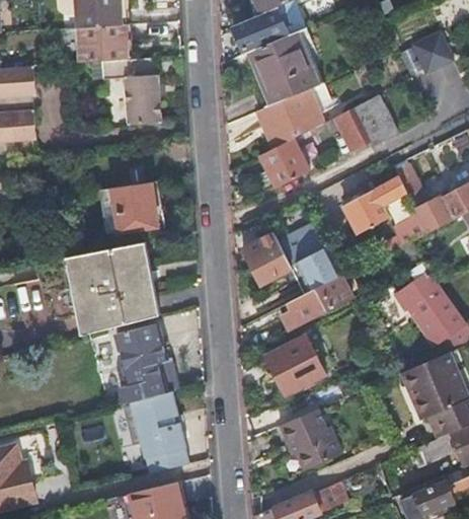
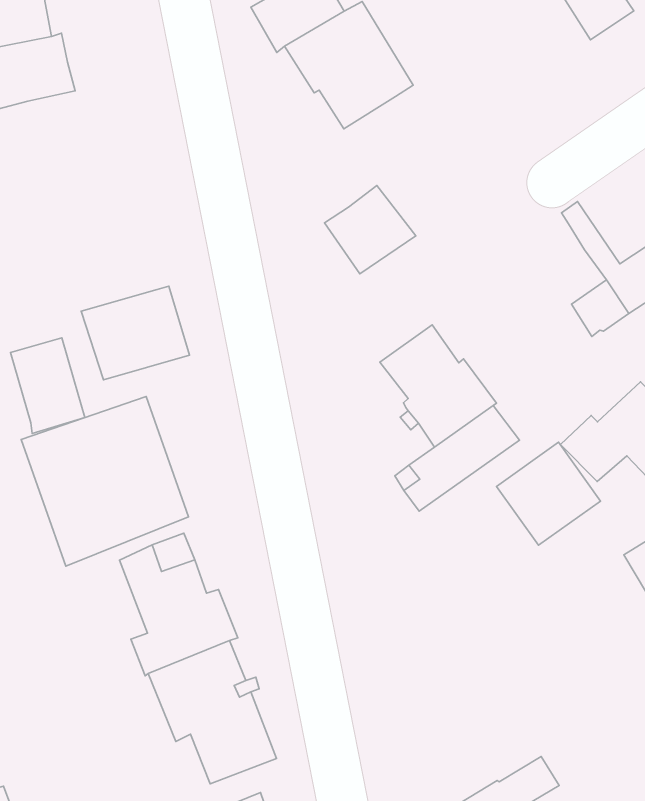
building: [98,58,160,124] -> none
building: [259,89,323,149] -> none
building: [334,95,398,151] -> none
building: [345,177,407,233] -> none
building: none -> [11,338,85,433]
building: [244,234,291,285] -> none
building: [266,338,325,395] -> [497,442,601,545]
building: [275,413,338,474] -> none

